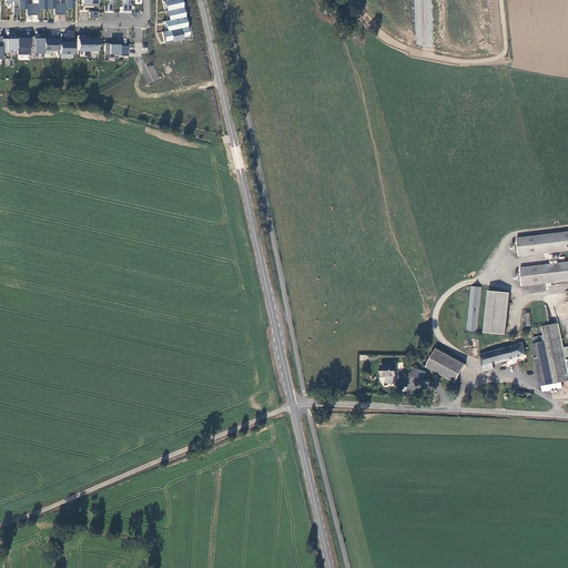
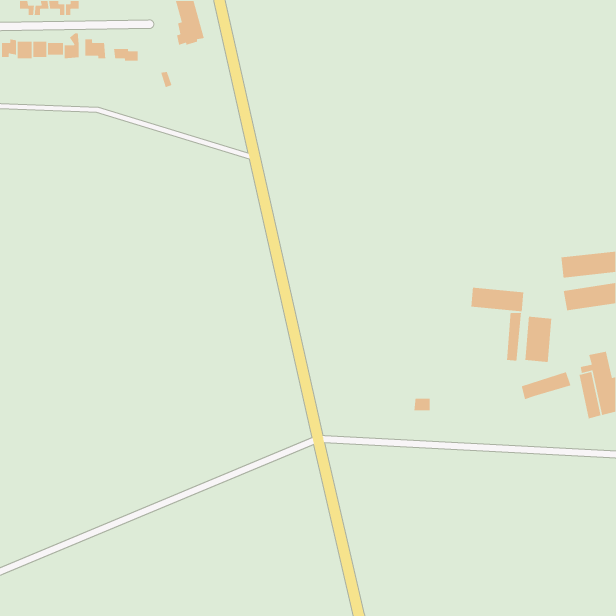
building: none -> [471,287,524,312]
building: [426,349,466,384] -> none

